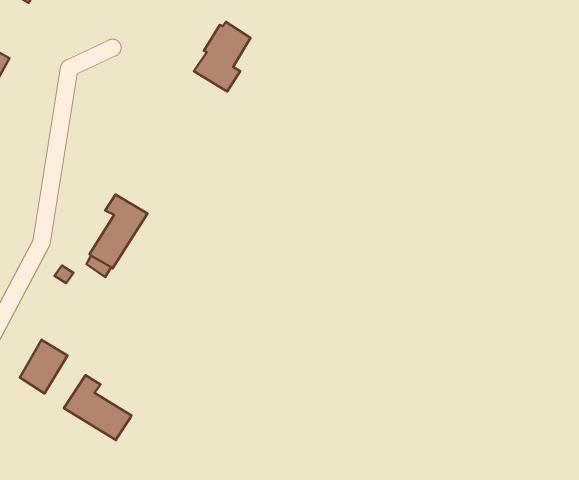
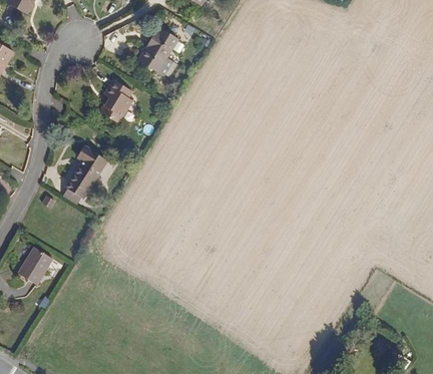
building: none -> [100,80,132,122]
building: [64,375,131,440] -> none

